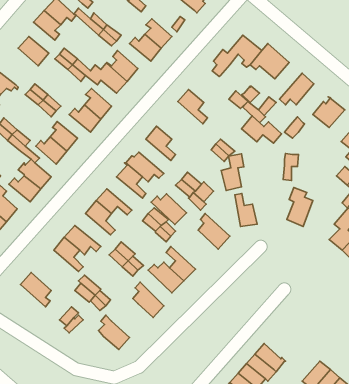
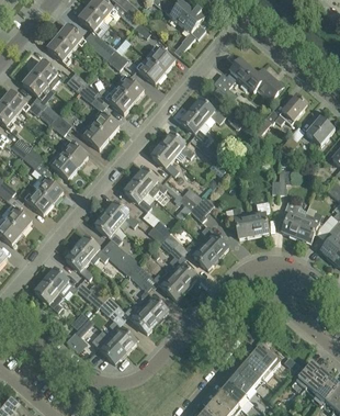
building: none -> [22,71,55,102]
building: none -> [160,132,194,160]
building: [241,116,282,143] -> [190,98,227,123]
building: [221,154,244,190] -> [249,201,270,235]
building: [151,194,187,225] -> [184,240,217,269]
building: none -> [296,211,321,243]
building: none -> [44,268,77,296]
building: none -> [124,304,157,333]
building: none -> [92,330,125,363]

